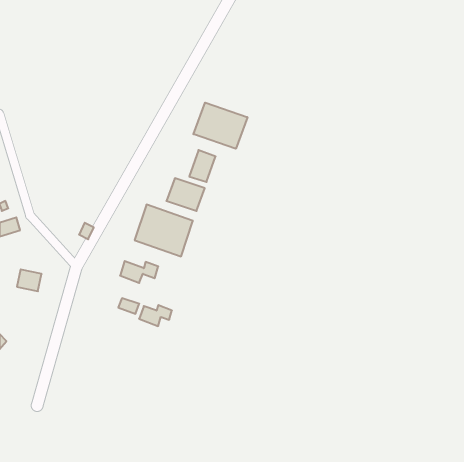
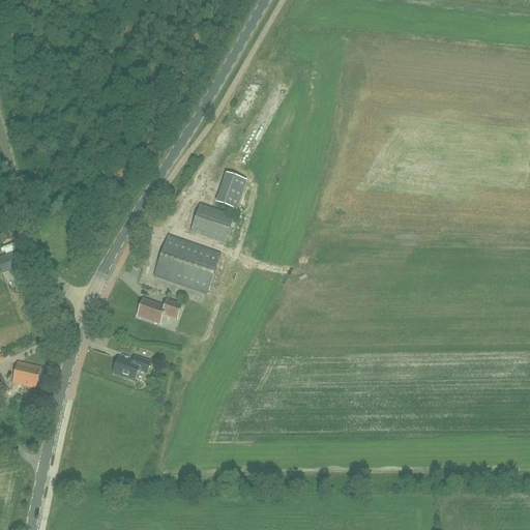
building: [193,103,247,149] -> none
building: [17,269,42,291] -> [11,360,39,385]
building: [139,305,172,326] -> [112,354,149,378]

